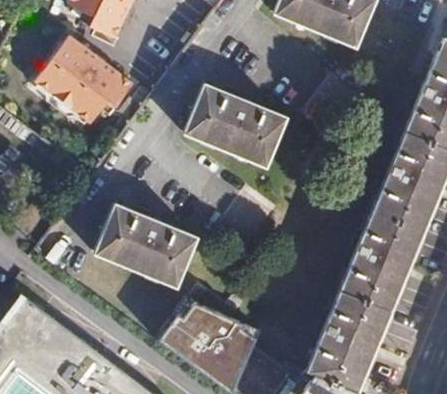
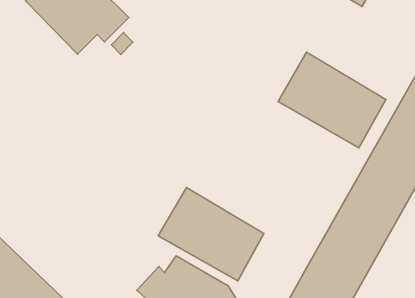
building: [184,84,286,168] -> [278,52,386,148]
building: [96,206,196,288] -> [158,188,264,281]

